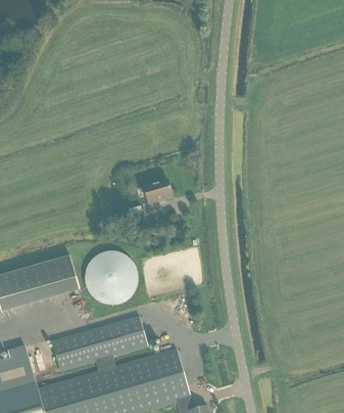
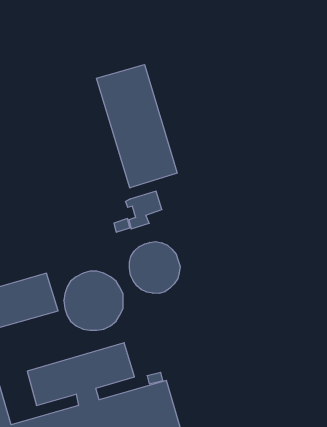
building: none -> [97,65,177,188]
building: none -> [129,242,180,293]

